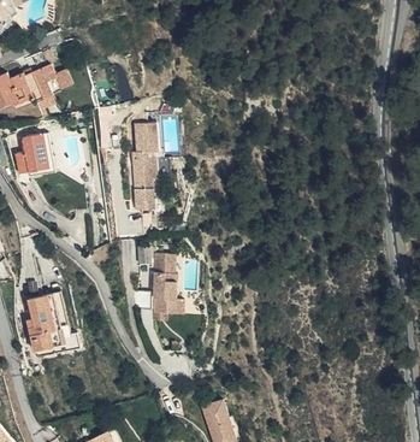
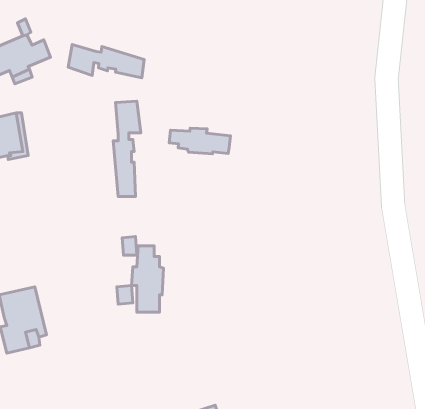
building: none -> [68,45,144,78]
building: none -> [169,128,231,154]

